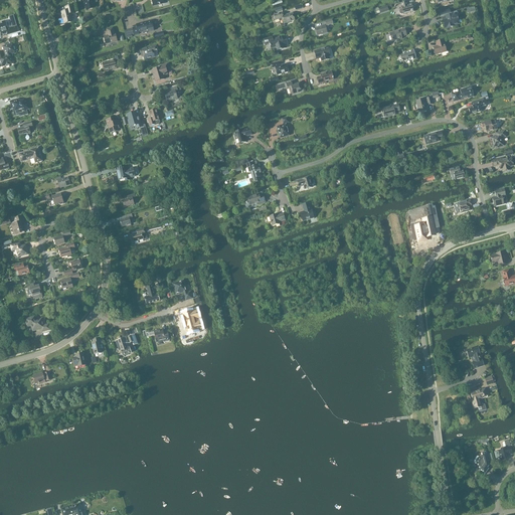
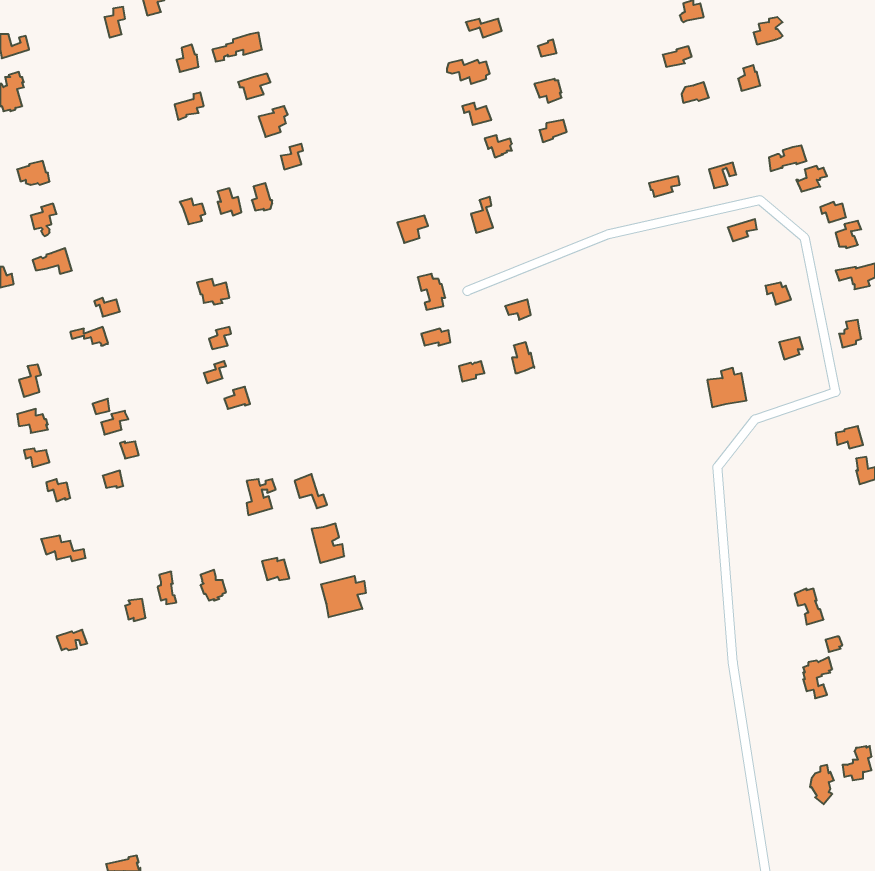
building: none -> [321,576,366,617]

